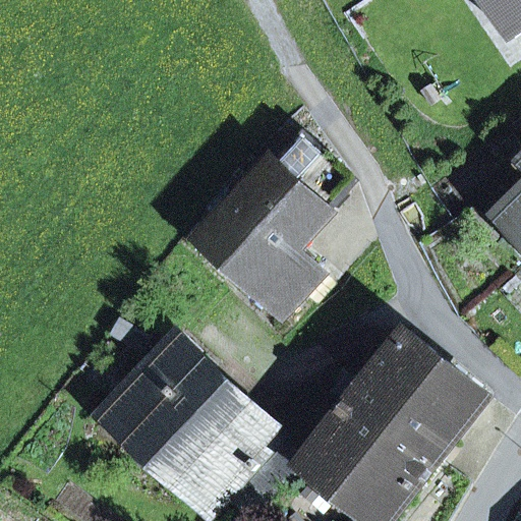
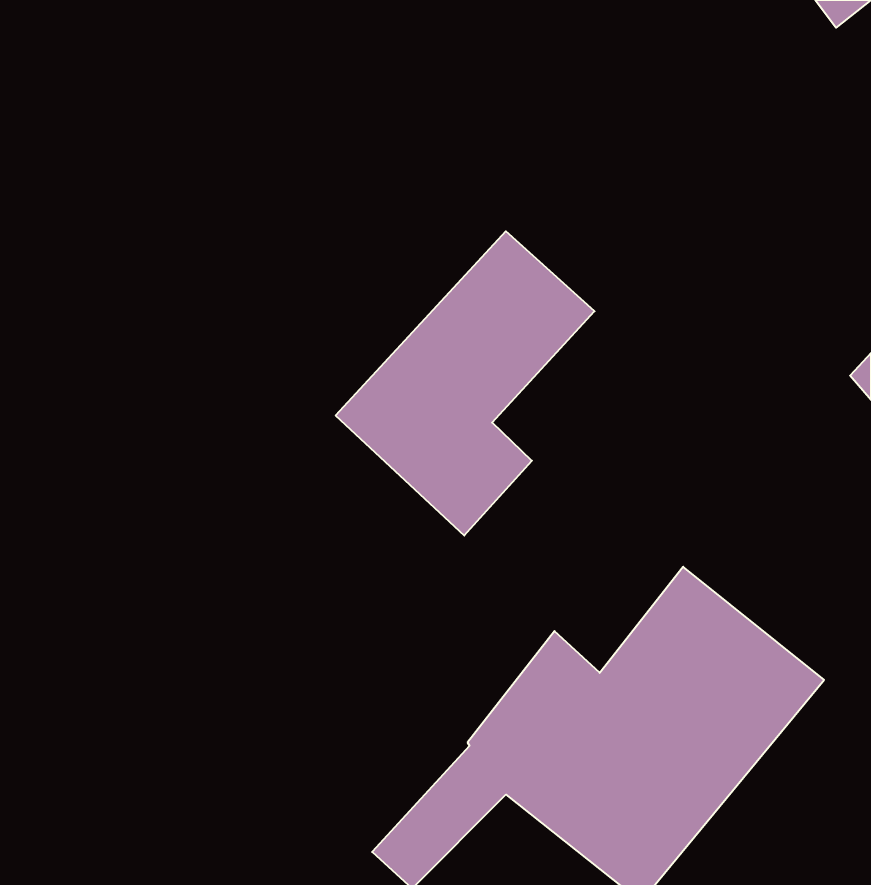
building: [107,343,275,507] -> none

